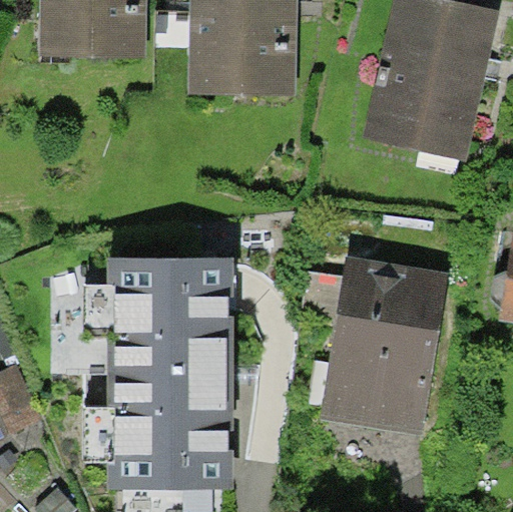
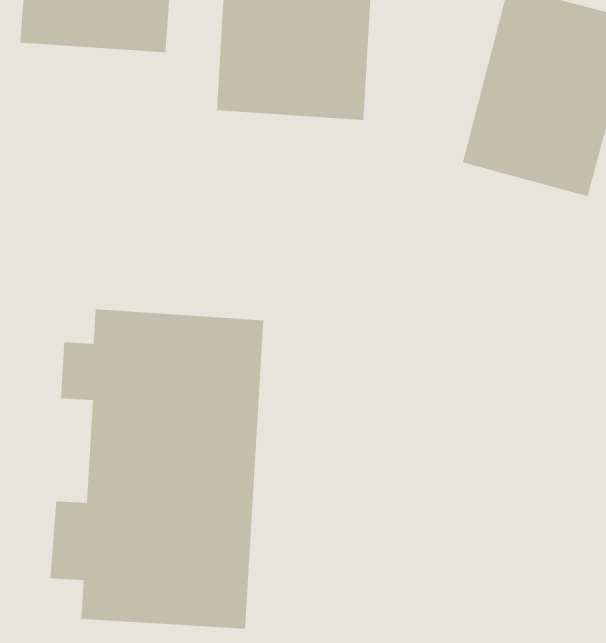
building: [321,259,454,434] -> none

